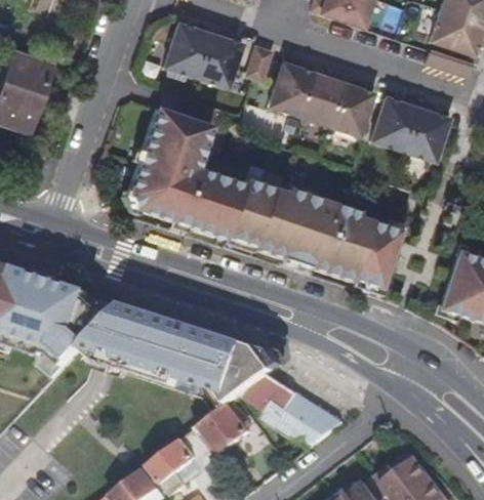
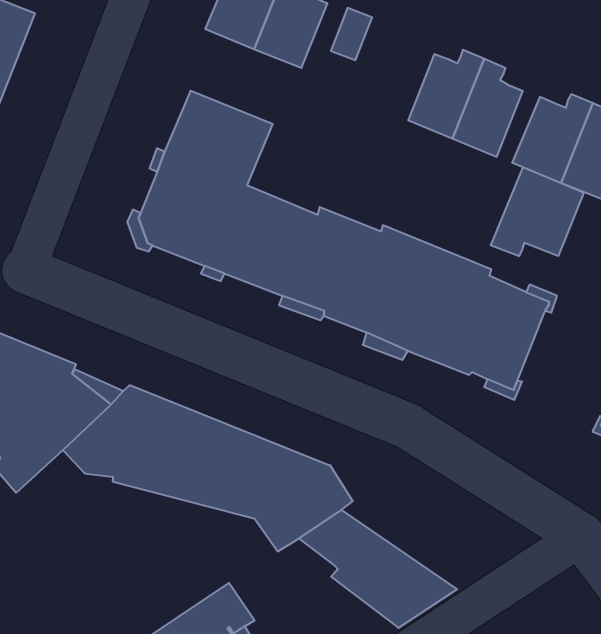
building: [268,53,314,118] -> none
building: none -> [491,167,584,256]
building: [206,403,254,449] -> none

